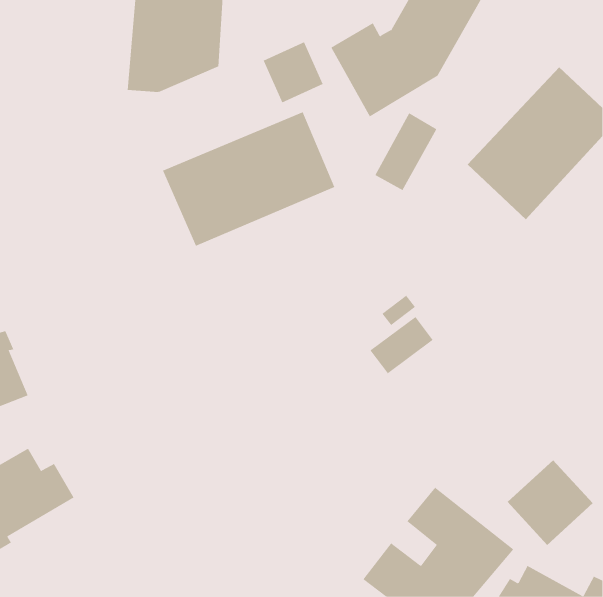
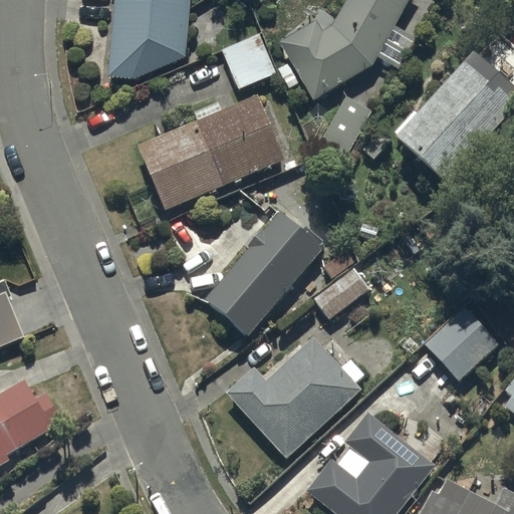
building: none -> [205,211,322,335]
building: none -> [227,337,361,458]
building: [507,459,593,546] -> [425,307,498,380]

